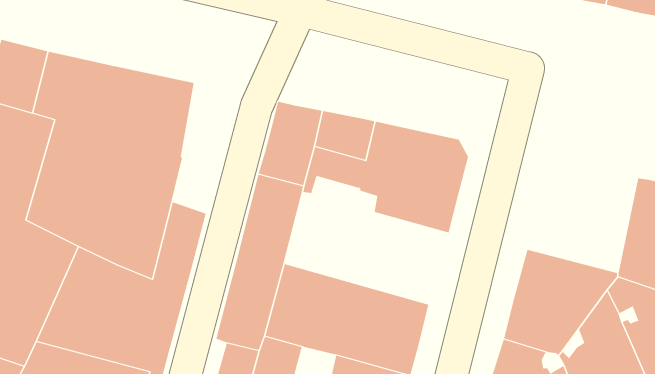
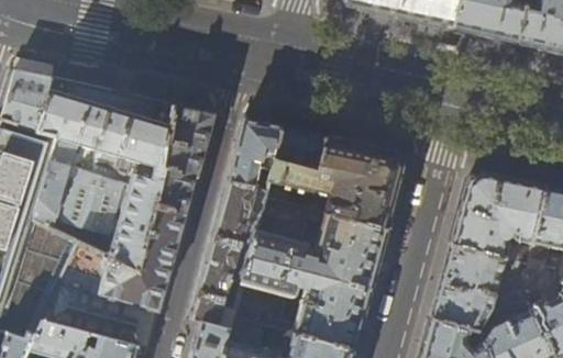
building: none -> [155,105,213,214]
building: none -> [451,172,543,264]
building: none -> [249,197,386,290]

